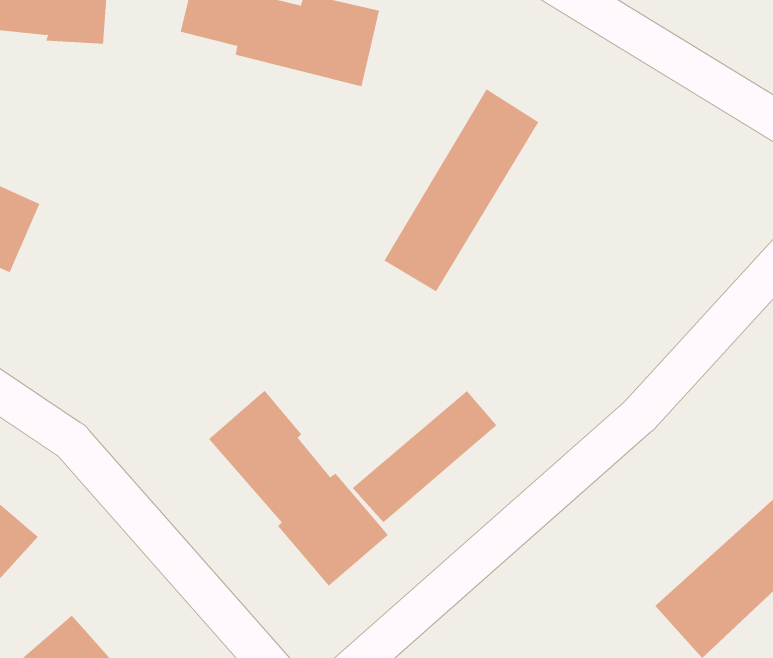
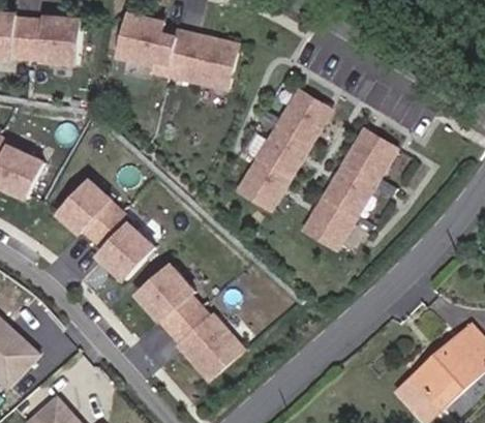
building: none -> [304,128,396,248]
building: none -> [58,180,152,278]
building: [352,390,497,523] -> none

